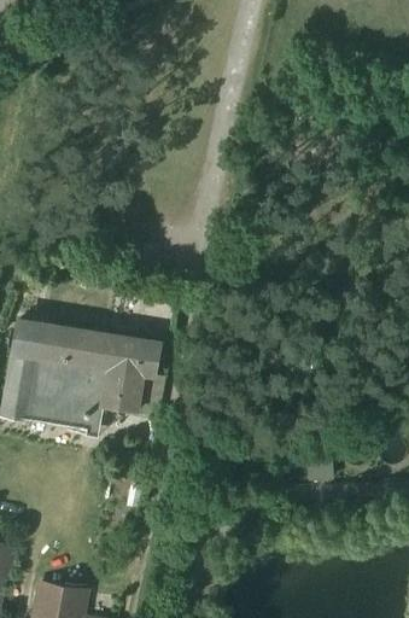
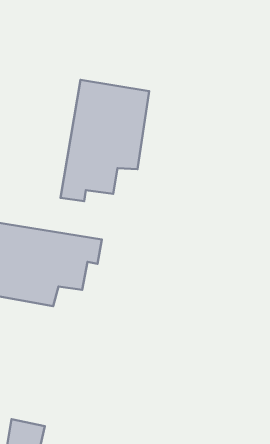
building: none -> [60,80,149,201]

